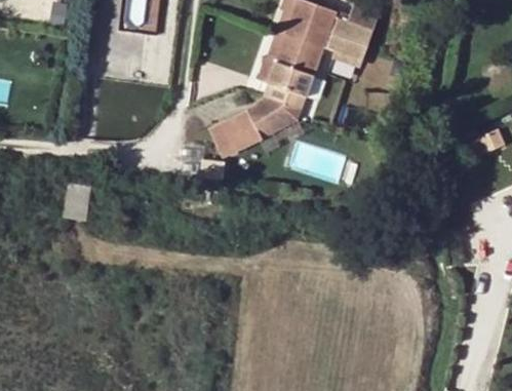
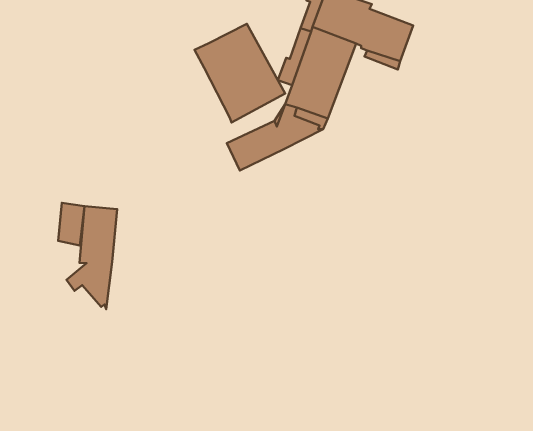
building: none -> [194,24,285,122]
building: none -> [67,206,117,309]

